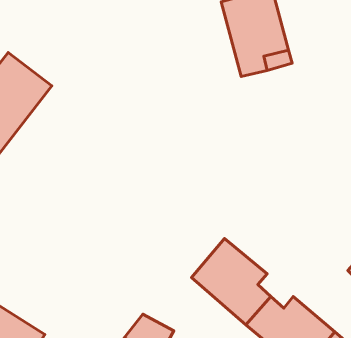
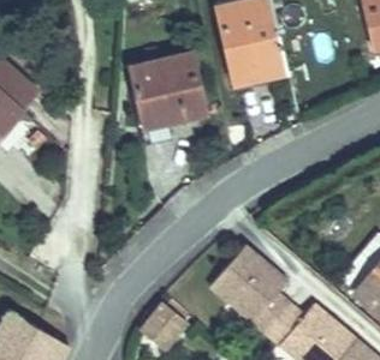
building: none -> [148,61,220,131]

